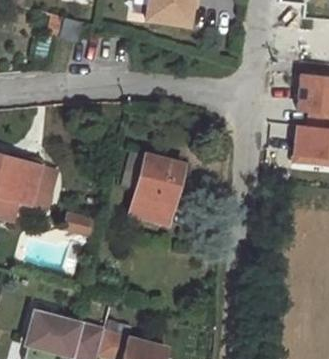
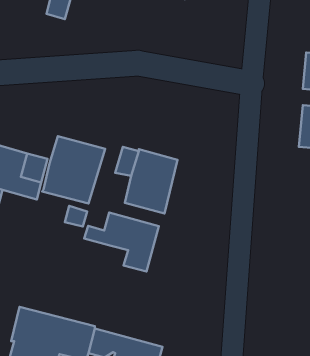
building: none -> [42,136,105,204]
building: none -> [84,213,159,272]

